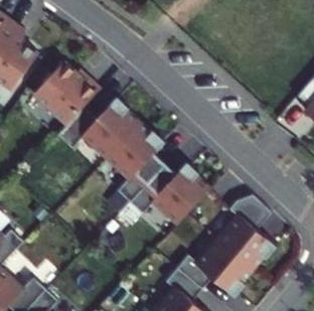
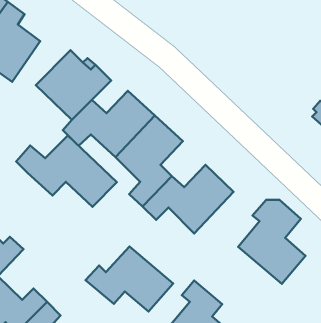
building: none -> [16,136,117,207]
building: [175,238,254,296] -> [86,246,173,312]

